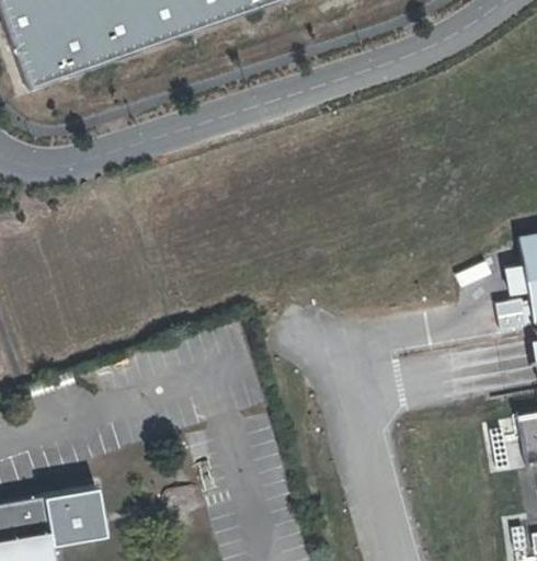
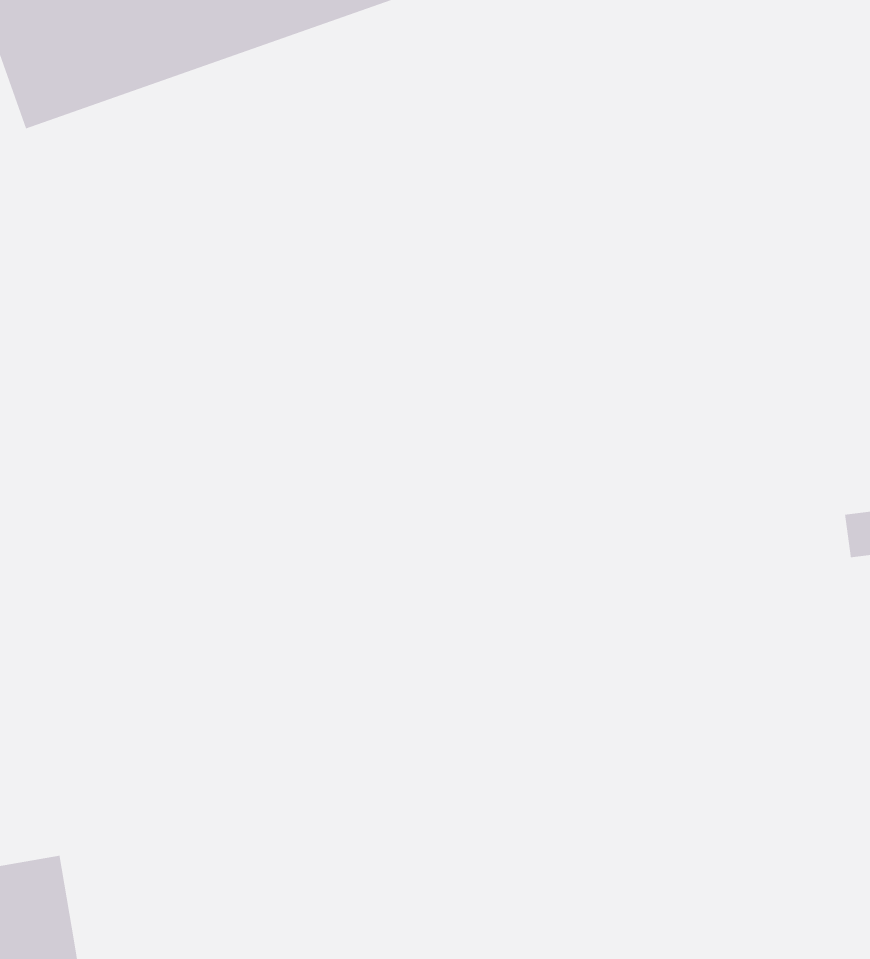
building: [46,488,107,547] -> none

